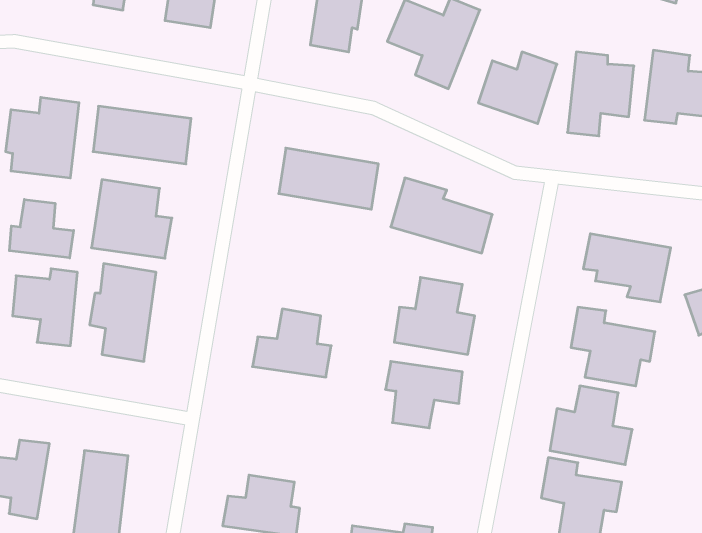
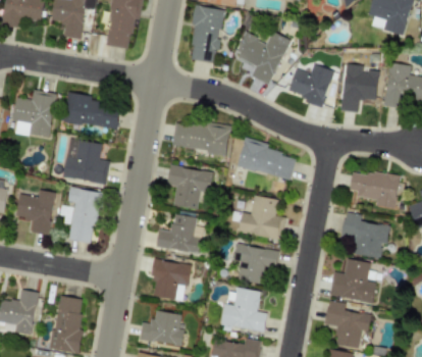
building: [9,199,74,258] -> none
building: none -> [167,165,213,209]
building: none -> [151,259,191,301]
building: none -> [221,288,268,332]

